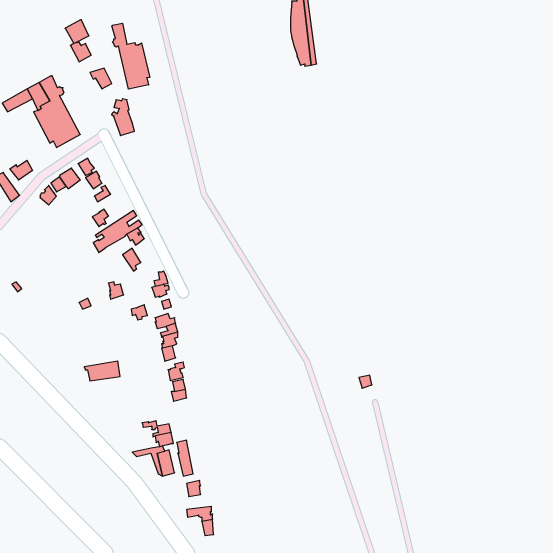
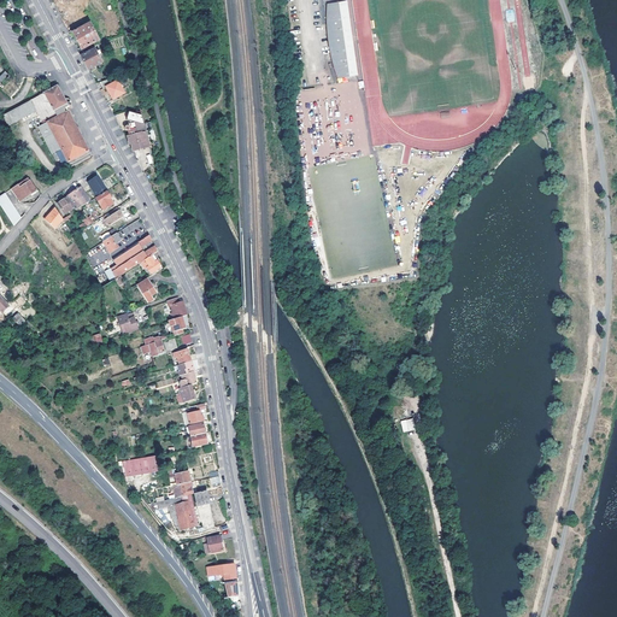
building: [112,23,150,89] -> none
building: [84,361,120,381] -> [117,454,157,476]

